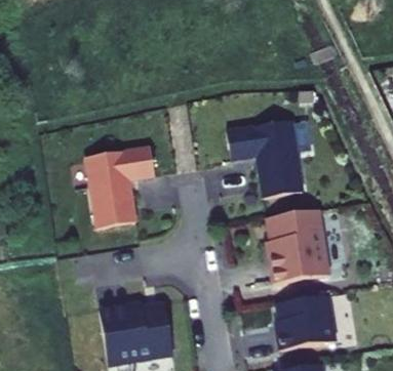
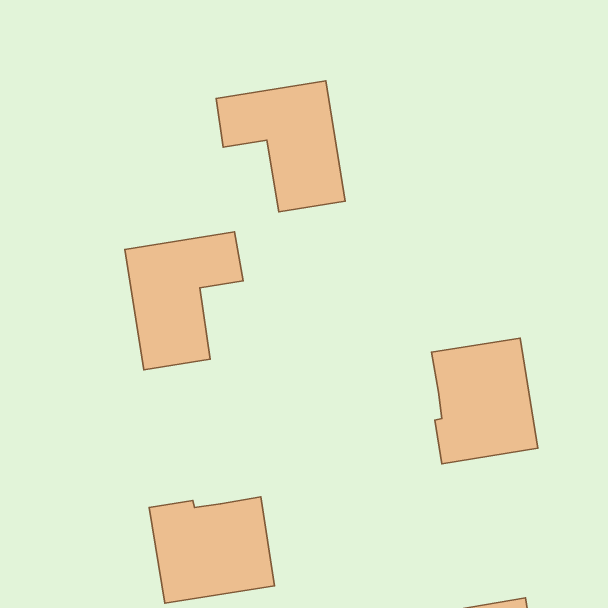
building: [227,120,303,197] -> [216,81,345,212]
building: [276,294,337,348] -> none

